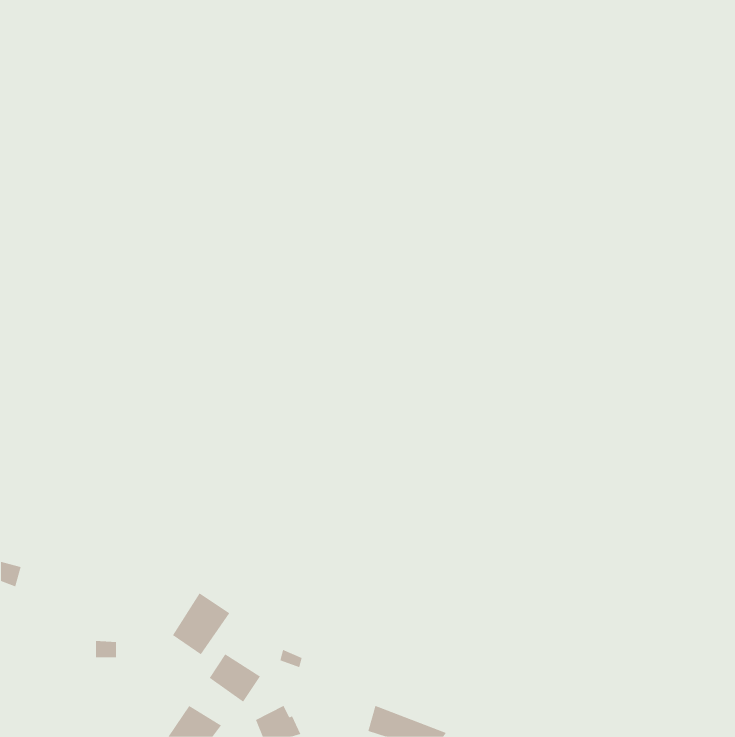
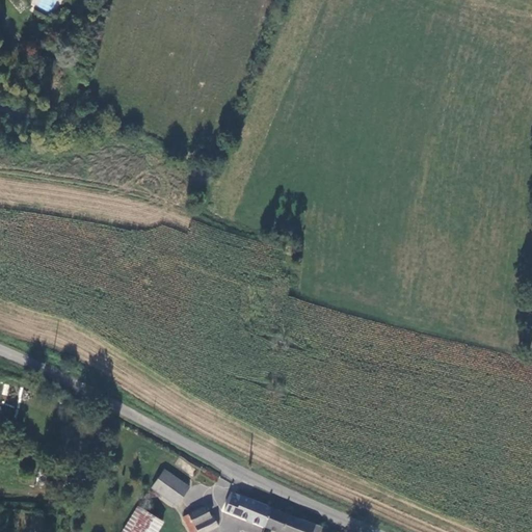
building: [172,592,230,655] -> none
building: none -> [225,494,271,527]

